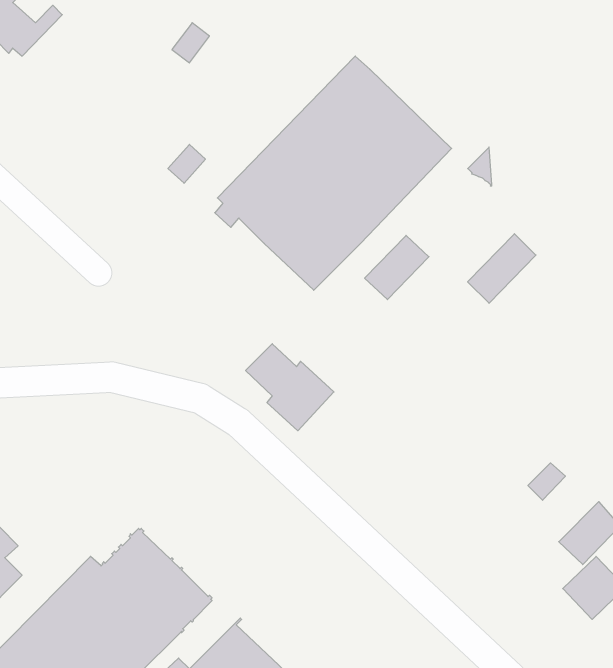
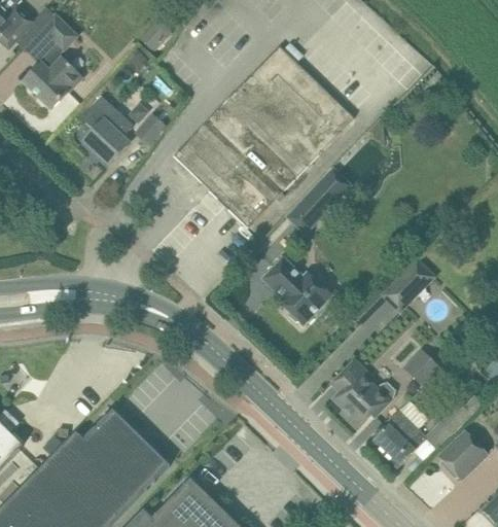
building: none -> [23,13,80,108]
building: none -> [81,97,132,164]
building: [468,234,536,303] -> [382,258,434,312]
building: [246,344,334,431] -> [262,257,330,324]
building: none -> [330,359,393,428]
building: none -> [370,401,426,467]

